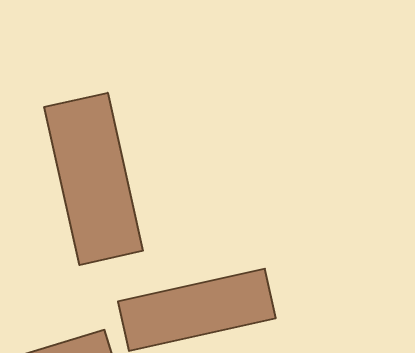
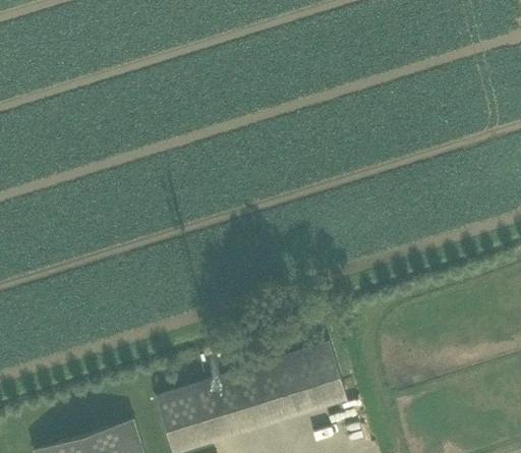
building: [44,93,143,265] -> none

